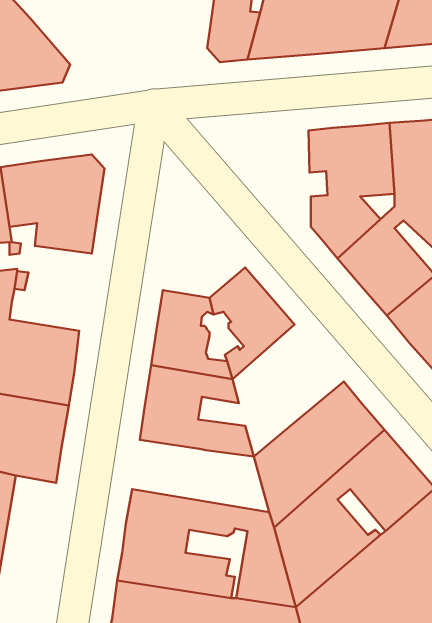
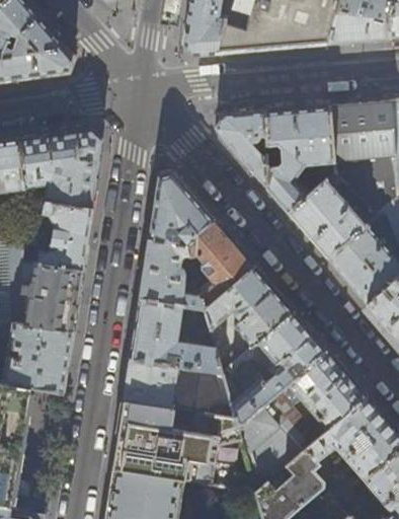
building: none -> [215,112,266,189]
building: none -> [148,172,214,245]
building: none -> [25,202,91,272]
building: none -> [204,267,293,348]
building: none -> [124,359,233,417]

